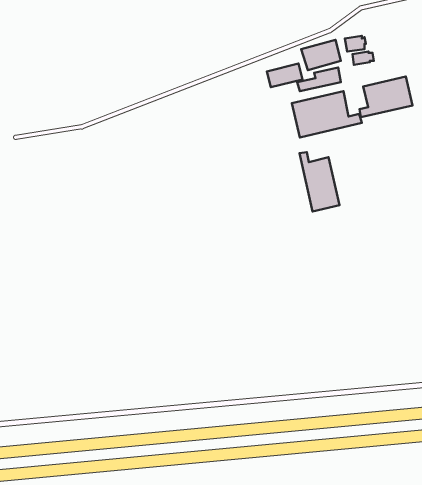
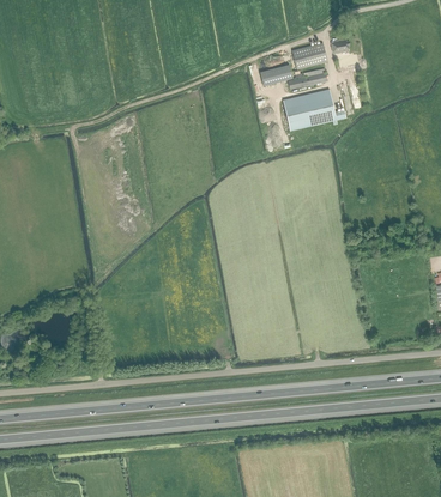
building: [359,77,412,117] -> none
building: [299,152,340,211] -> none

